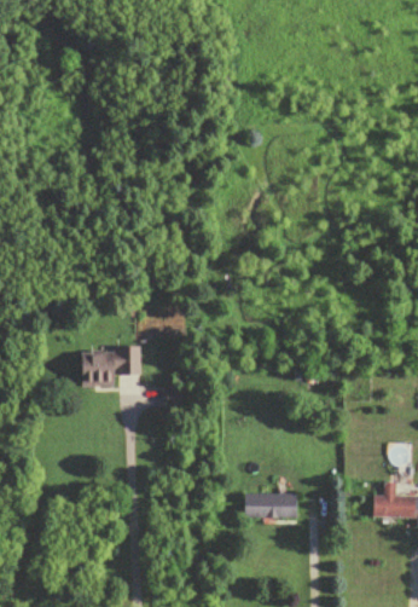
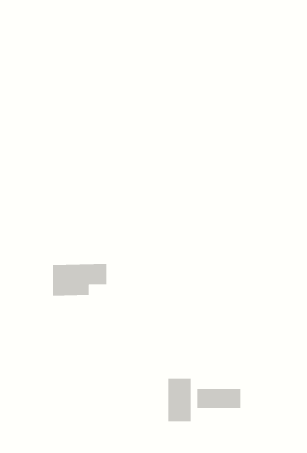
building: none -> [167,378,191,422]

